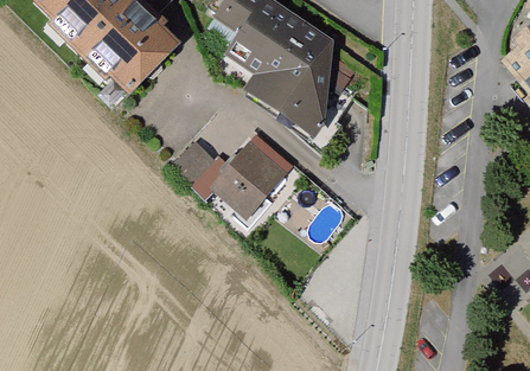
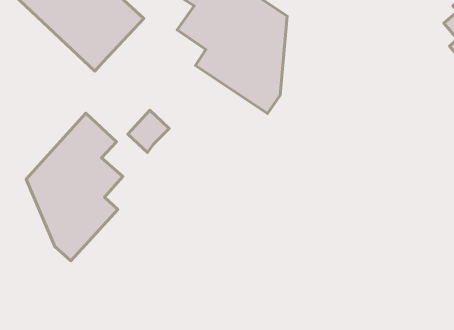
building: [211,142,286,219] -> none
building: none -> [26,113,123,261]

